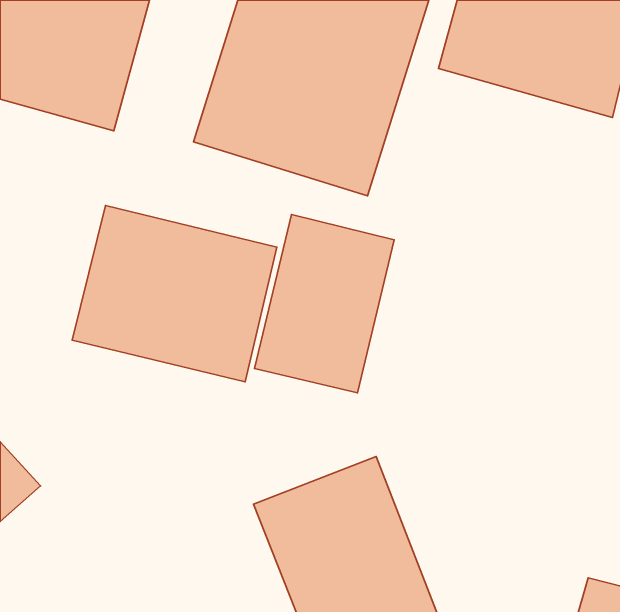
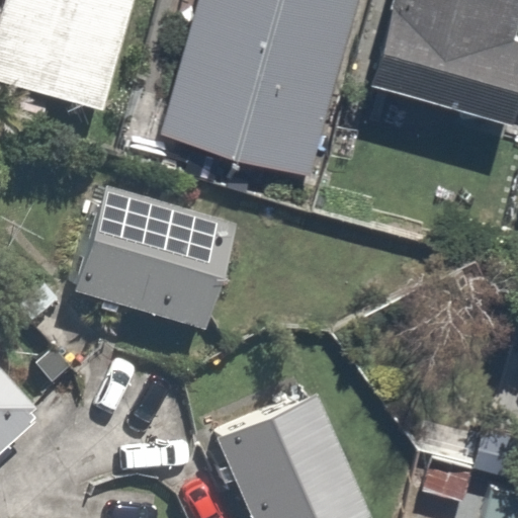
building: [254,214,394,393] -> none

